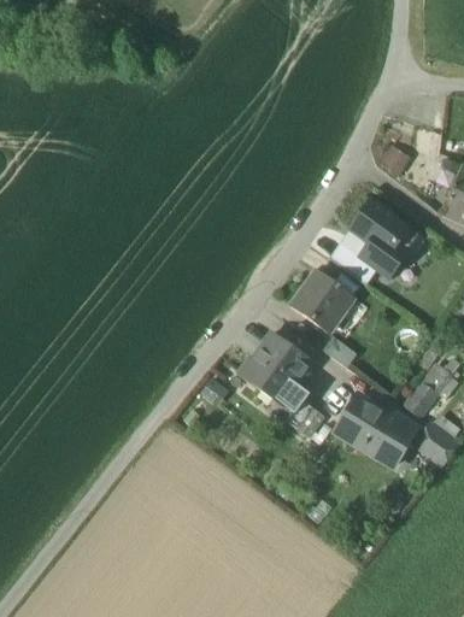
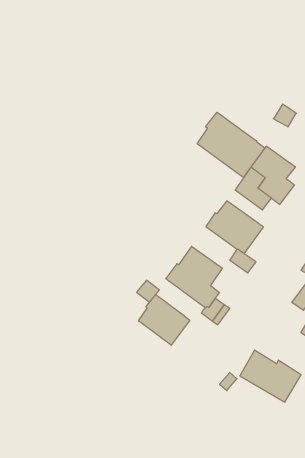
building: none -> [197,112,265,177]
building: none -> [138,295,190,345]
building: [336,395,417,464] -> [240,350,301,402]

